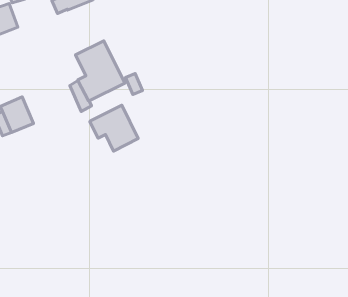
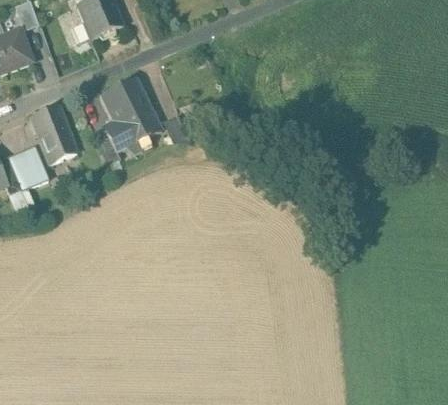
building: none -> [30,105,76,162]
building: [90,105,138,151] -> none

